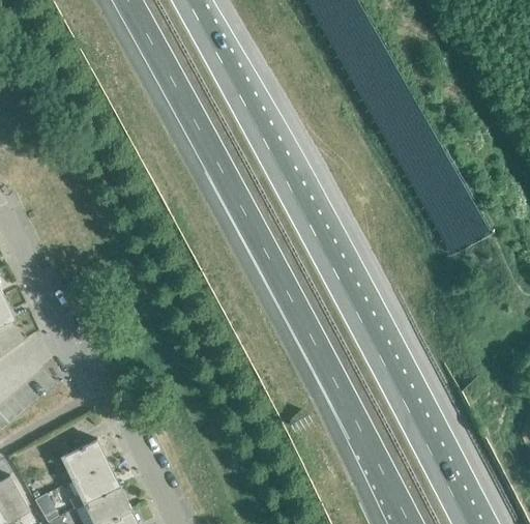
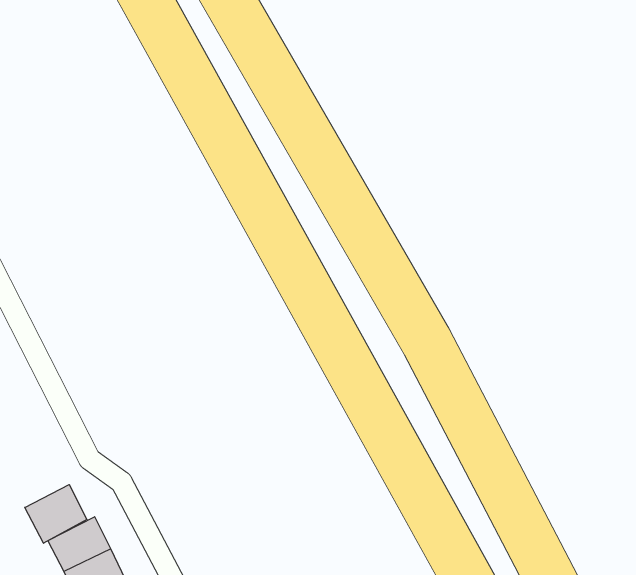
building: none -> [25,485,87,543]

